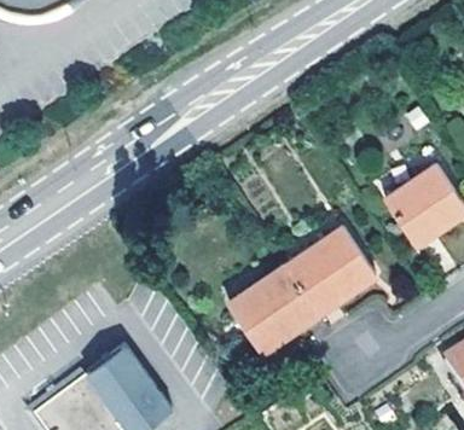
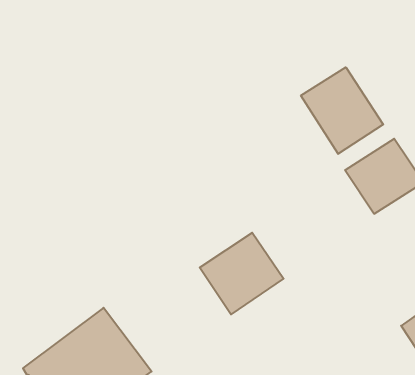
building: none -> [301,67,383,154]
building: [284,225,376,314] -> none

